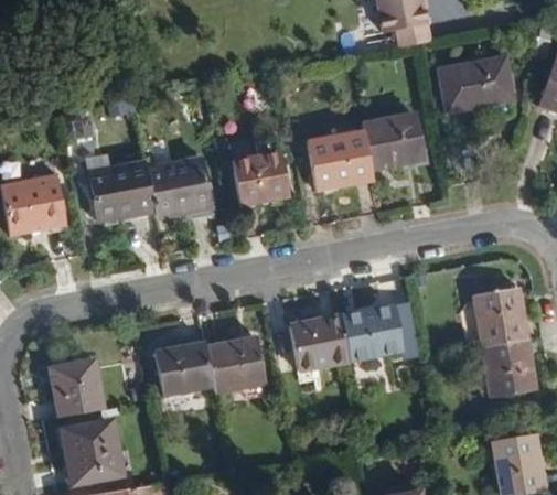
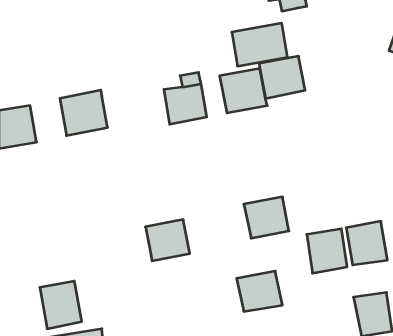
building: [440,54,516,112] -> [232,23,287,66]
building: [148,155,213,217] -> none
building: [474,286,529,346] -> [307,229,347,273]
building: [289,314,352,369] -> [237,271,282,311]
building: [156,340,215,395] -> none
building: [51,357,106,415] -> none

